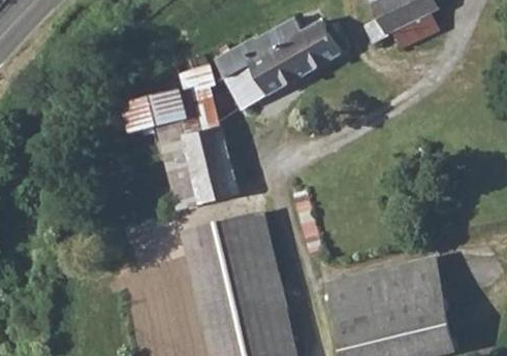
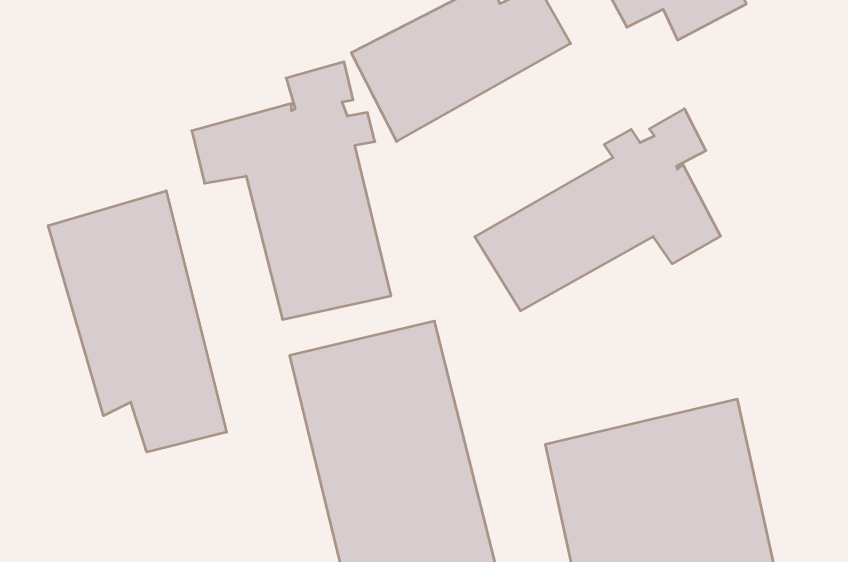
building: none -> [475,109,721,311]
building: none -> [48,191,227,452]

